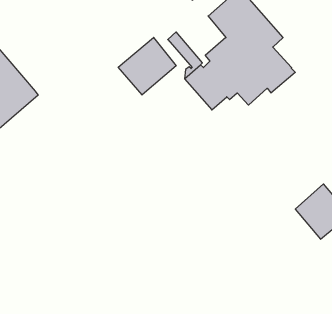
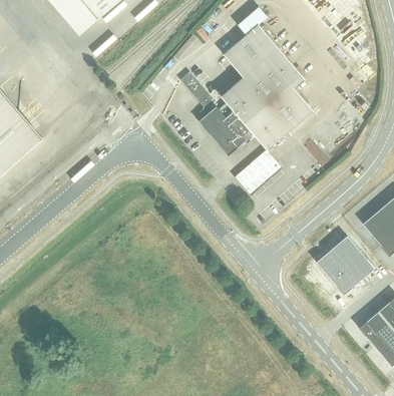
building: [118,37,176,95] -> none
building: none -> [234,149,281,195]

